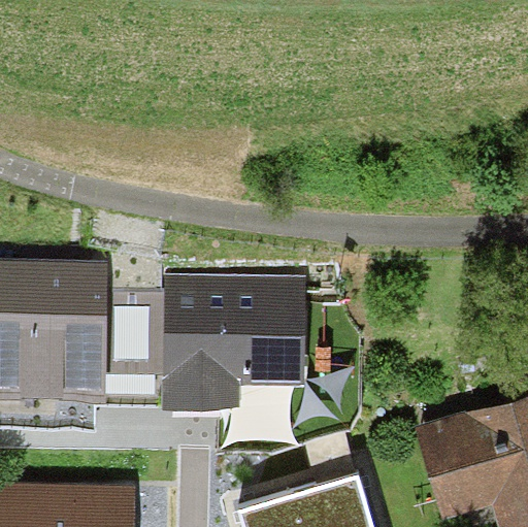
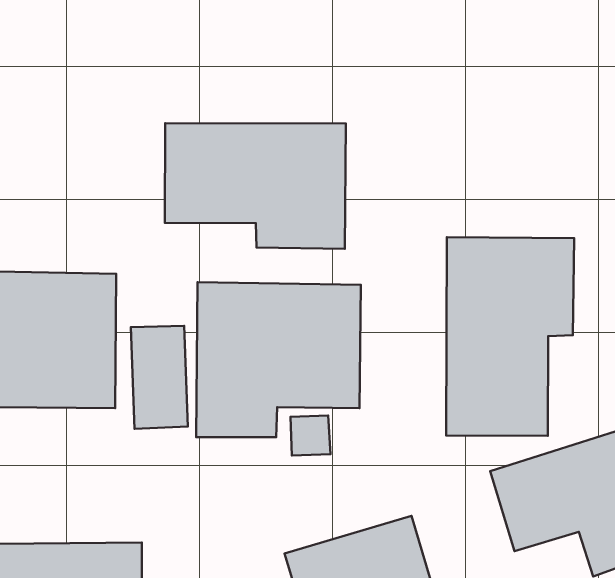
building: none -> [165,123,346,249]
building: none -> [446,237,574,436]

